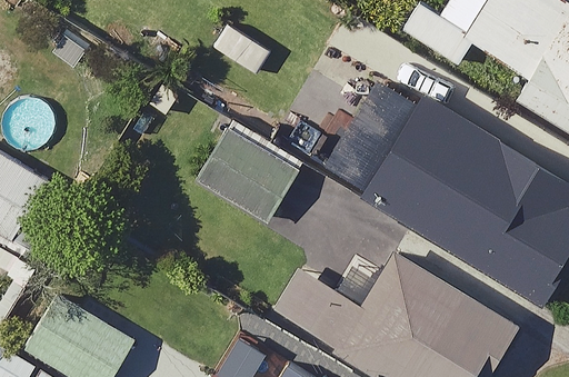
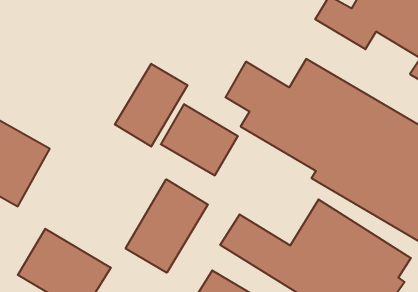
building: none -> [115,64,187,147]
building: none -> [126,179,208,273]

